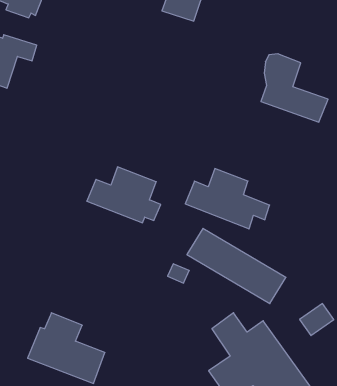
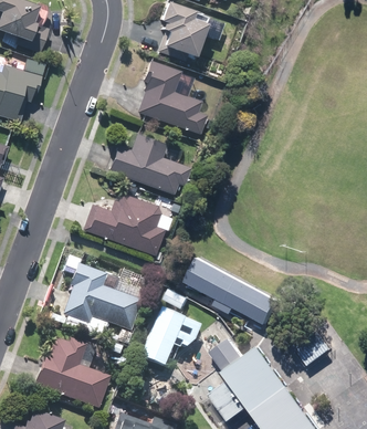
building: [261,54,328,122] -> [138,64,203,130]
building: [185,169,270,229] -> [108,134,190,192]
building: none -> [62,269,140,333]
building: none -> [140,310,200,370]

